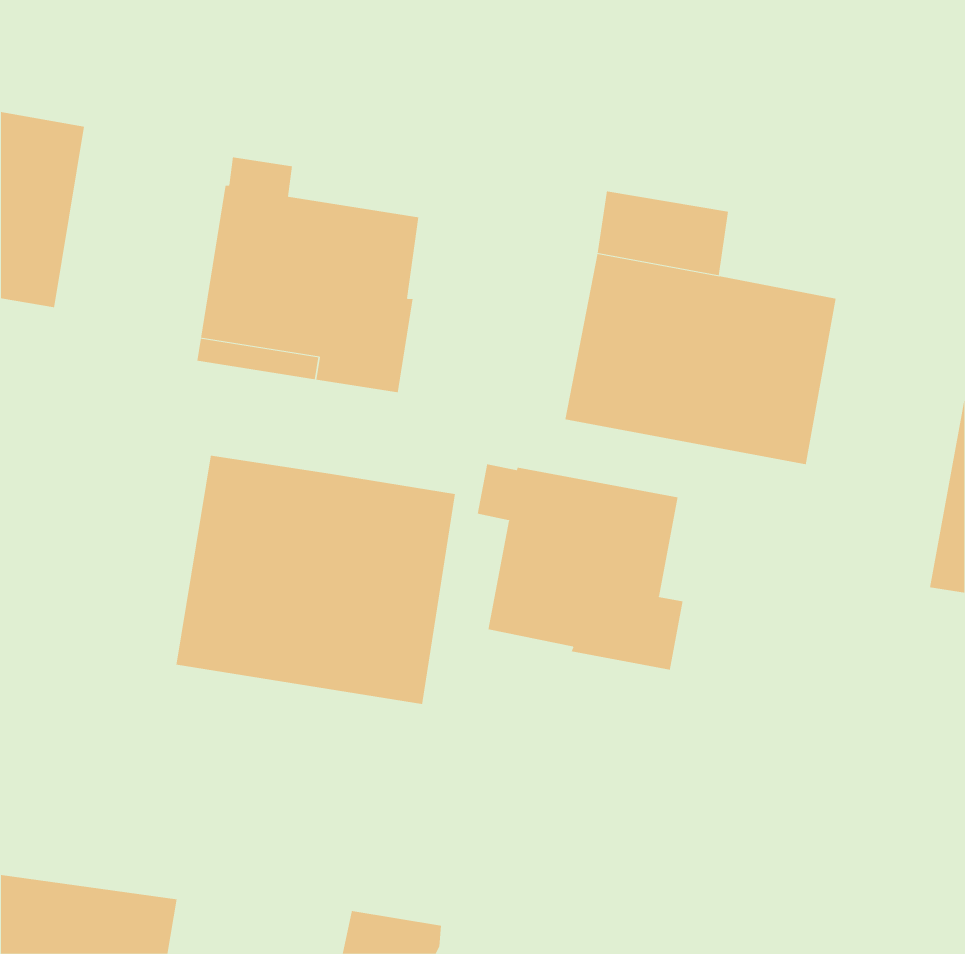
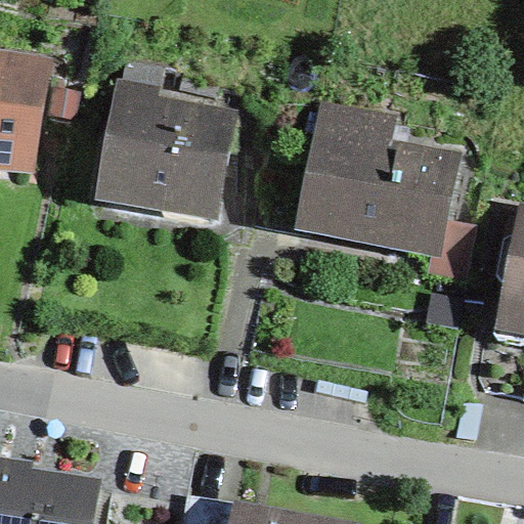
building: [176,455,455,705] -> none
building: [477,463,683,670] -> none

